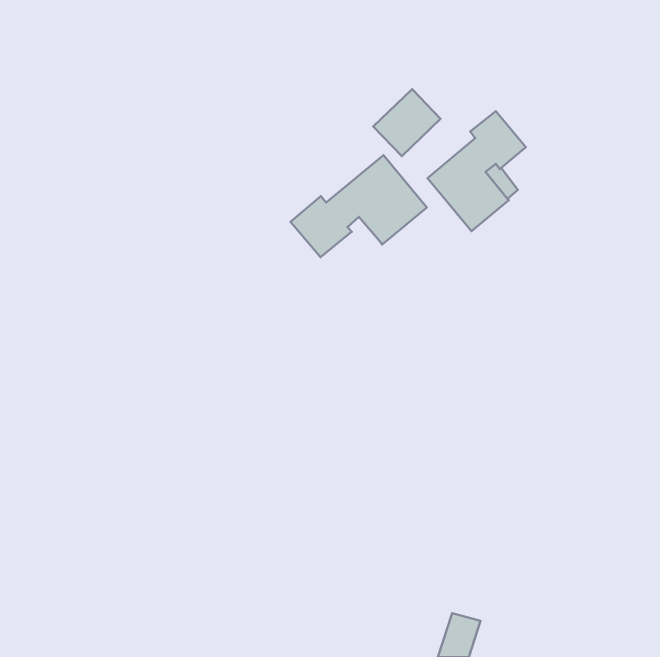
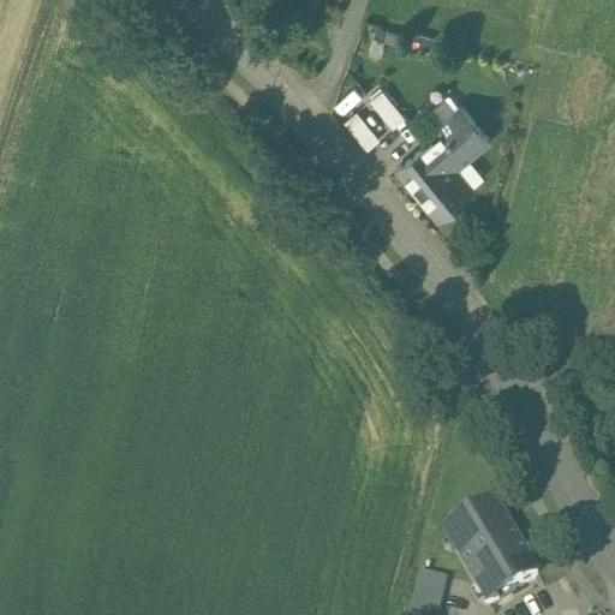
building: [291,155,427,257] -> none
building: none -> [446,501,538,603]

